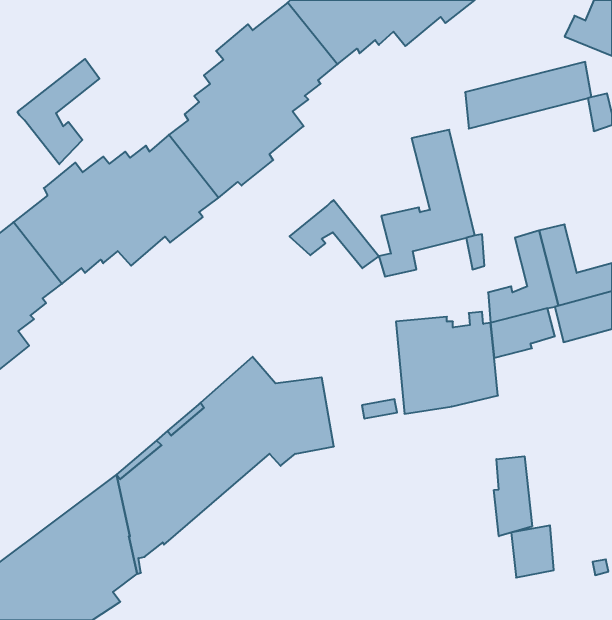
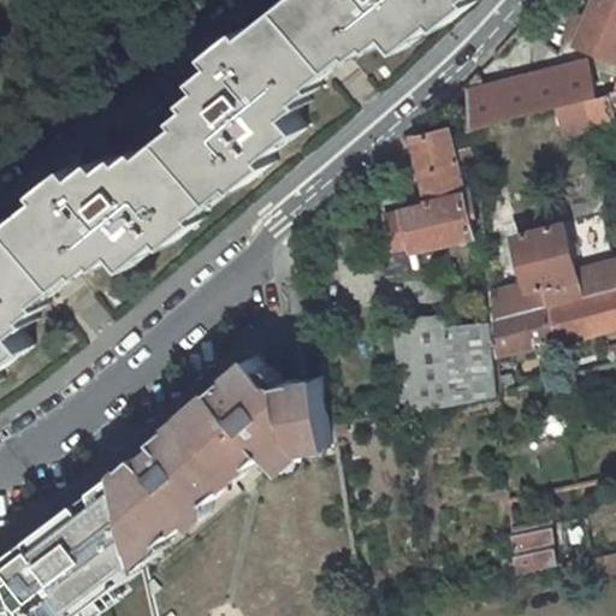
building: [18,59,99,164] -> none
building: [290,200,379,268] -> none
building: [494,456,532,536] -> none

